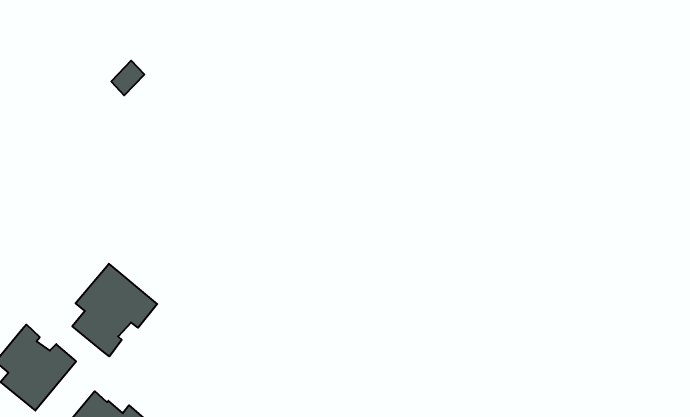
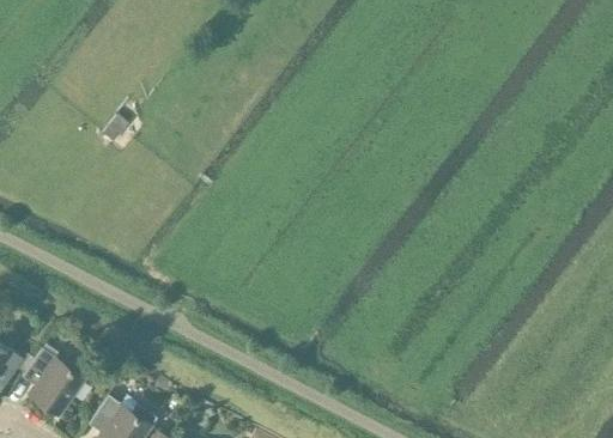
building: [72,264,157,356] -> none

